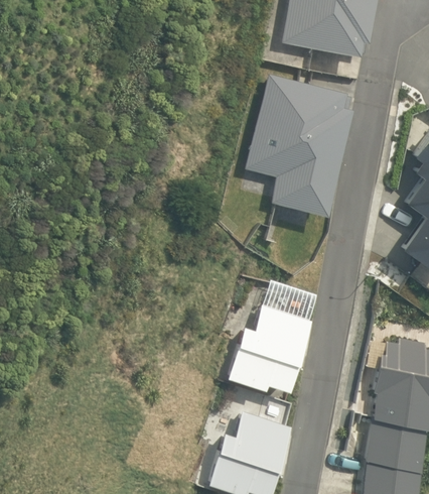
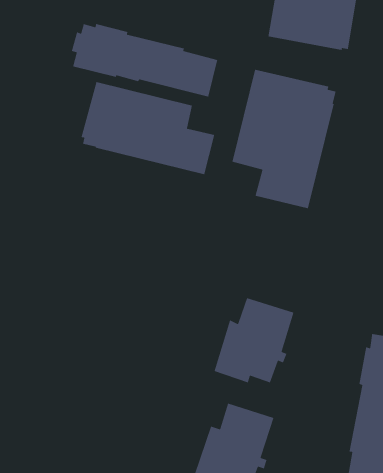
building: none -> [71,23,218,98]
building: none -> [80,81,215,175]

